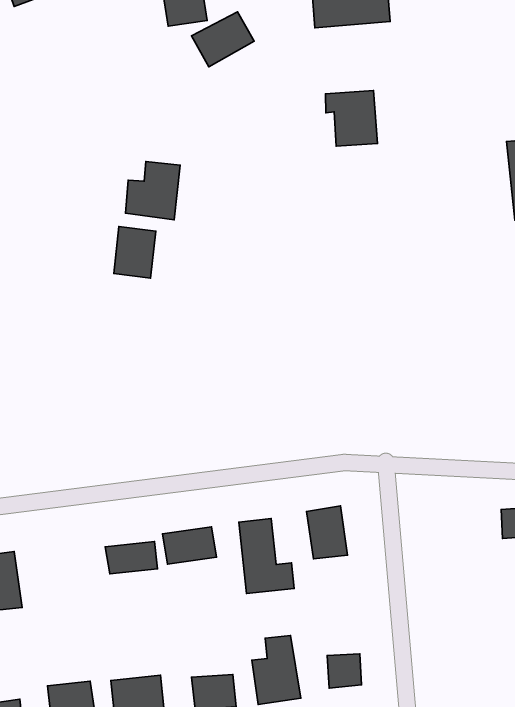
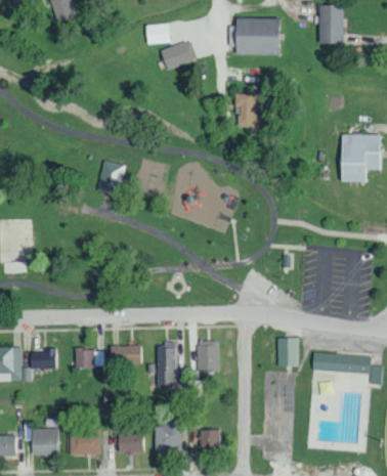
building: [125,161,180,220] -> none
building: none -> [277,338,299,366]
building: none -> [32,349,56,369]

